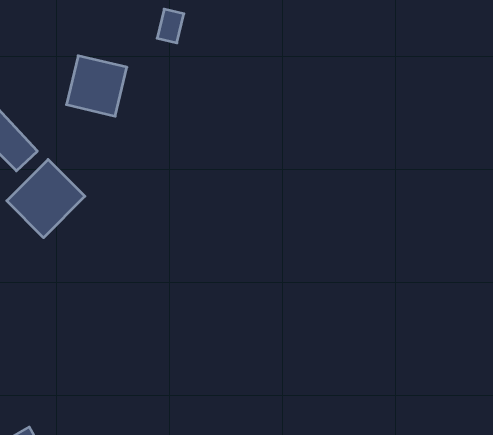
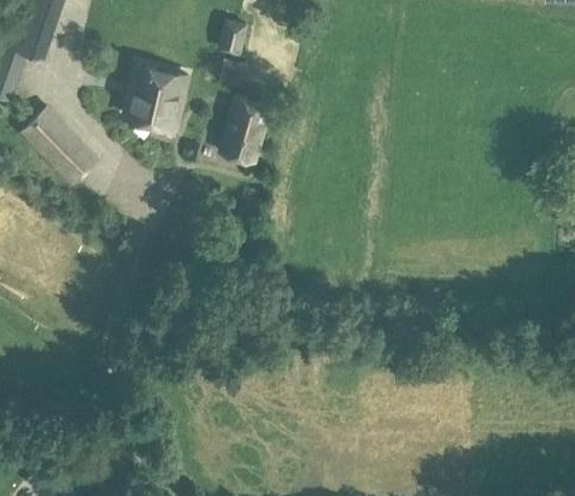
building: none -> [216,95,271,165]
building: [7,159,85,238] -> none

